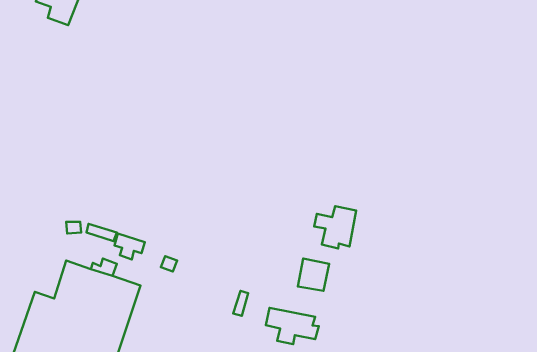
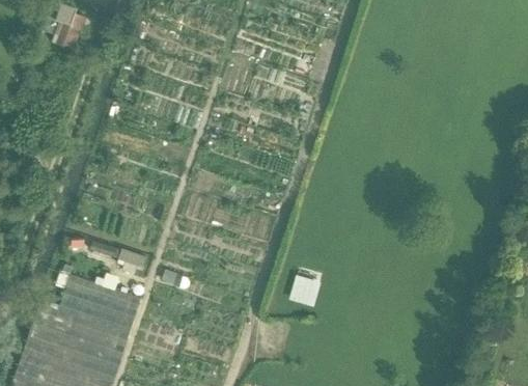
building: [314,206,356,248] -> none
building: [266,308,319,344] -> none

